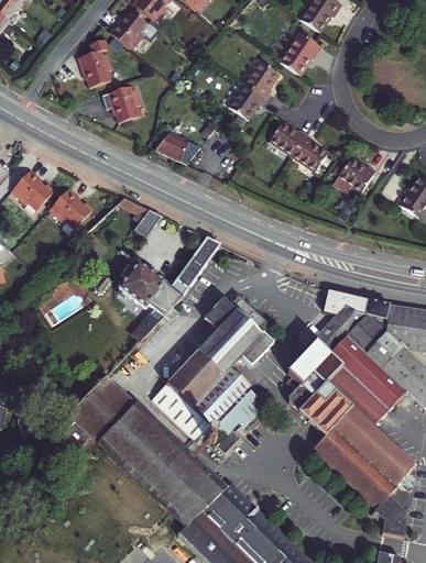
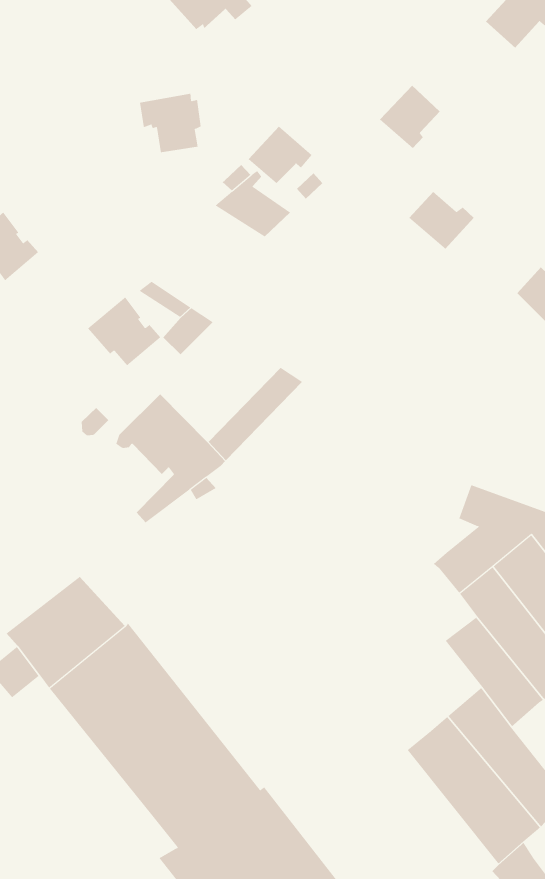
building: [280,31,320,73] -> none
building: [76,38,110,86] -> none
building: [228,84,265,118] -> [248,126,312,184]
building: [293,133,326,169] -> none
building: [50,187,94,228] -> [87,296,161,366]
building: [152,296,273,453] -> none
building: [285,339,350,437] -> none

